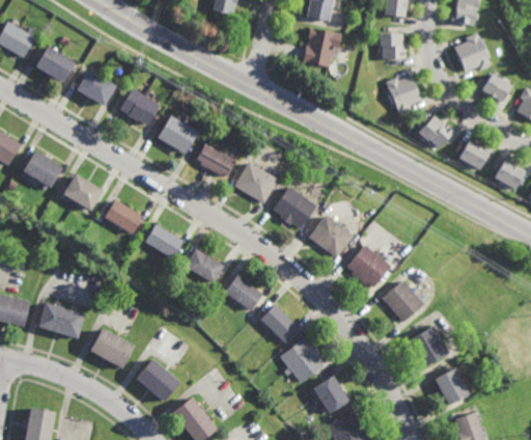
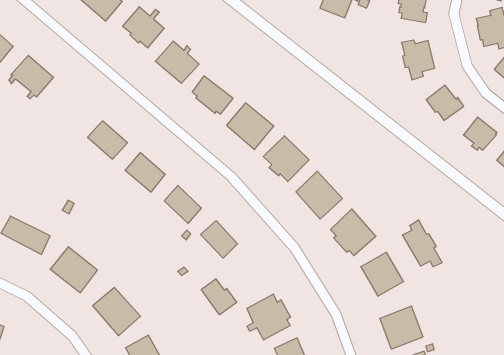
building: [63,174,104,213] -> none
building: none -> [403,220,442,267]
building: [262,306,298,339] -> [201,279,237,315]

